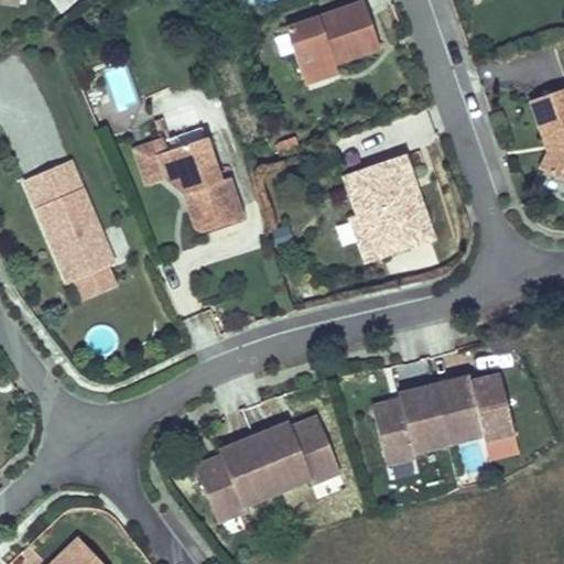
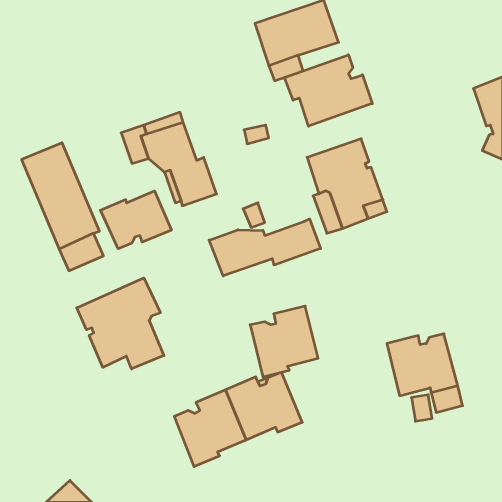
building: none -> [285,55,372,126]
building: none -> [100,191,171,249]
building: none -> [209,219,321,276]
building: none -> [77,278,164,369]
building: [372,384,448,464] -> [250,306,318,377]

